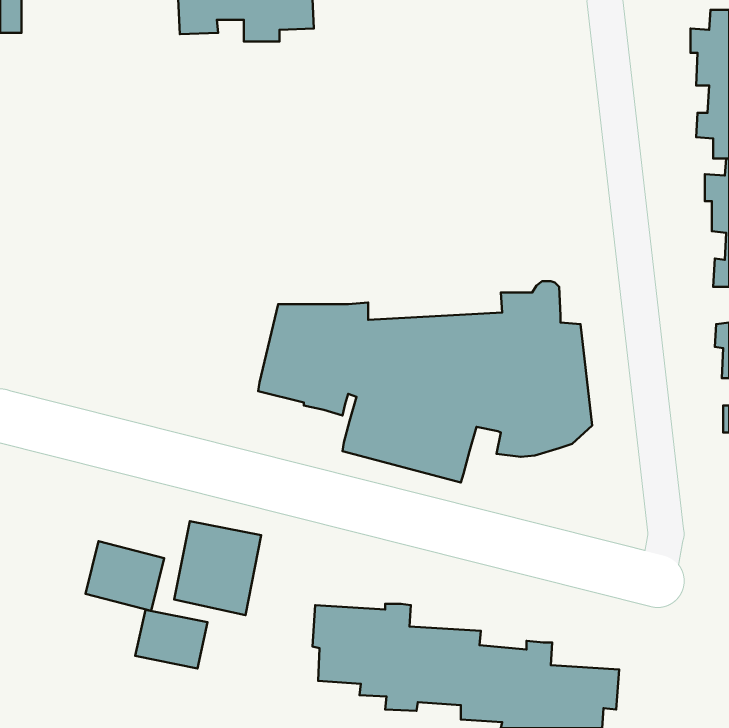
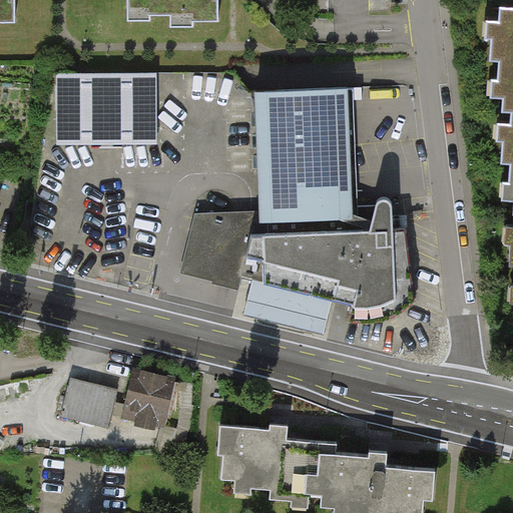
building: none -> [56,72,158,145]
building: none -> [252,85,353,224]
building: [135,610,207,668] -> none

